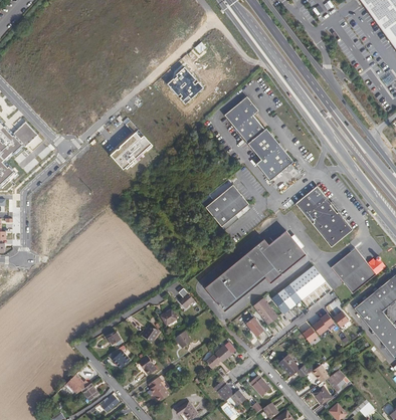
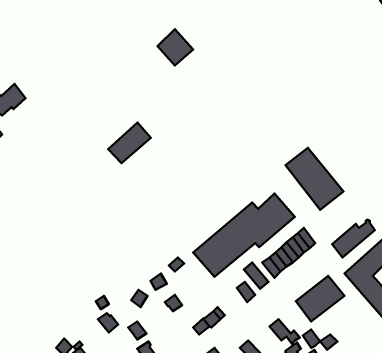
building: [225,95,293,178] -> none
building: [111,130,153,170] -> [108,123,151,163]
building: [205,183,248,228] -> none
building: [330,246,364,280] -> none

